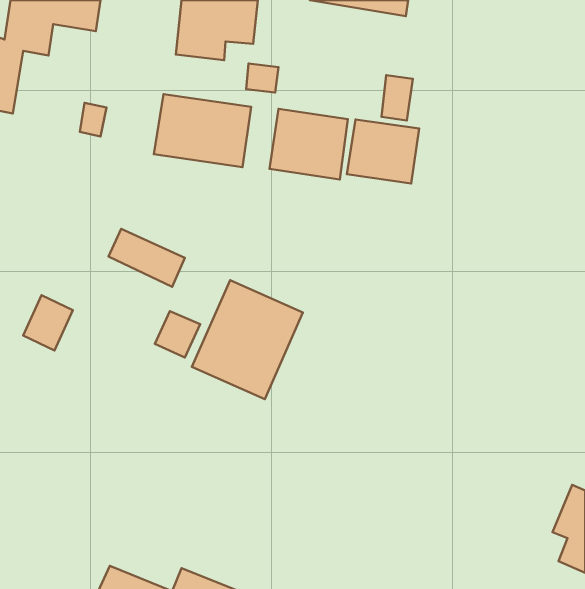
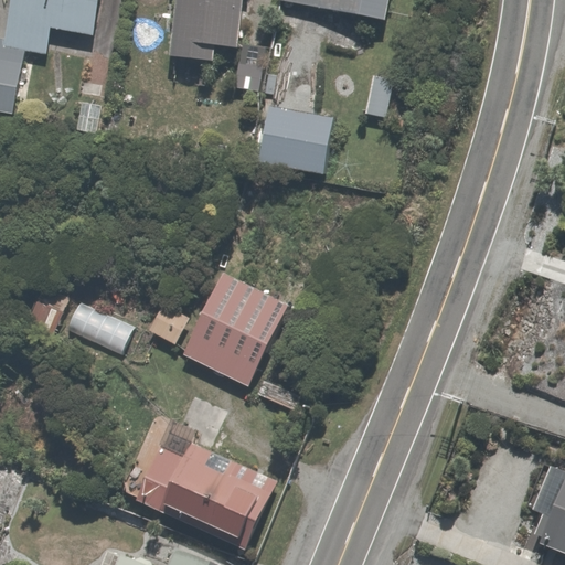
building: [154,94,251,167] -> none
building: [347,119,419,184] -> none
building: [108,229,185,287] -> [62,299,135,354]
building: none -> [132,418,278,548]

